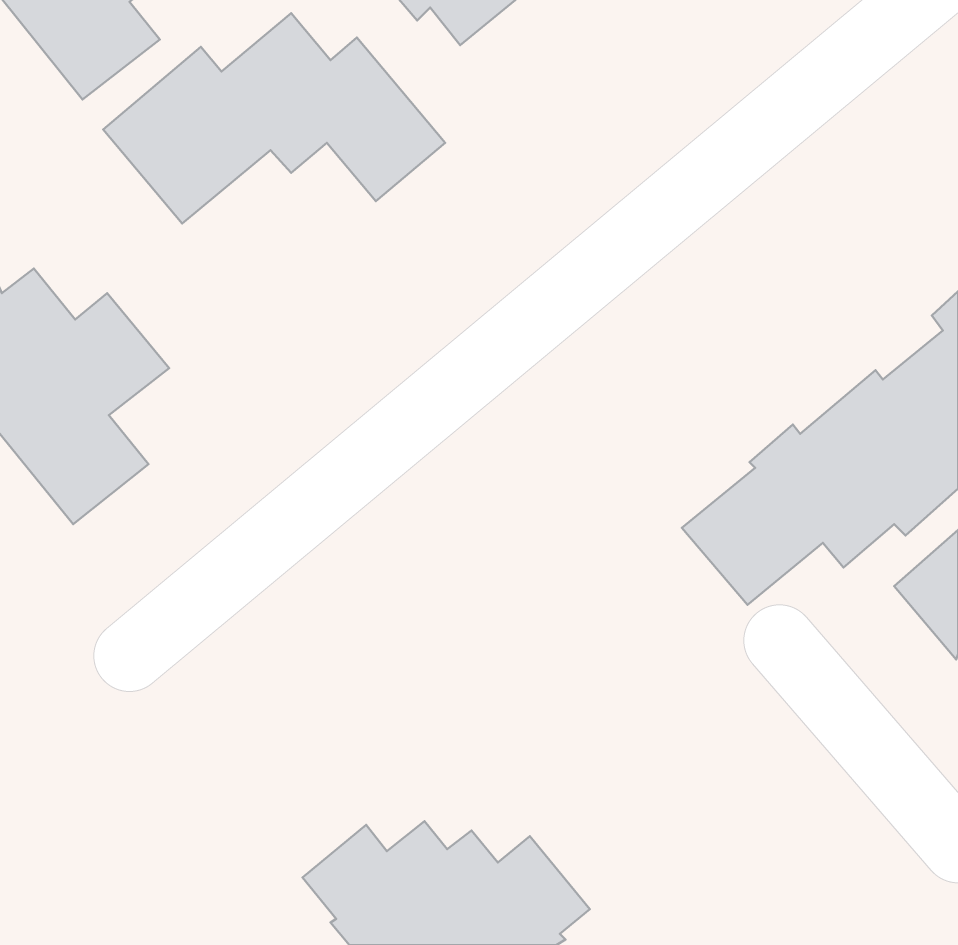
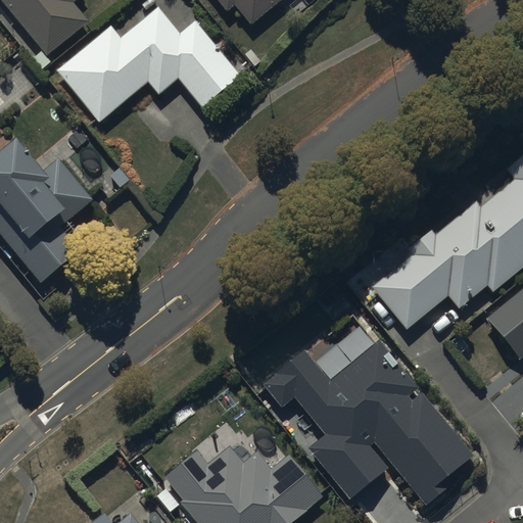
building: none -> [264,337,476,505]

